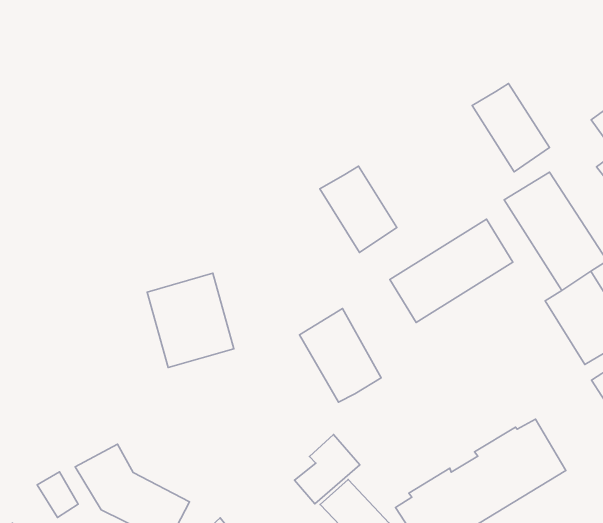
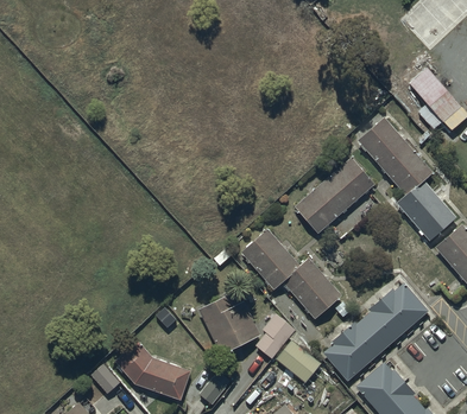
building: [472,83,549,172] -> none
building: [320,166,397,253] -> none
building: [147,273,234,368] -> [197,289,259,355]
building: none -> [285,261,342,319]

